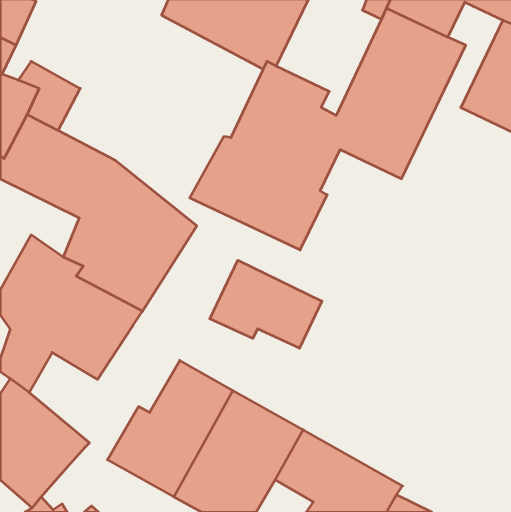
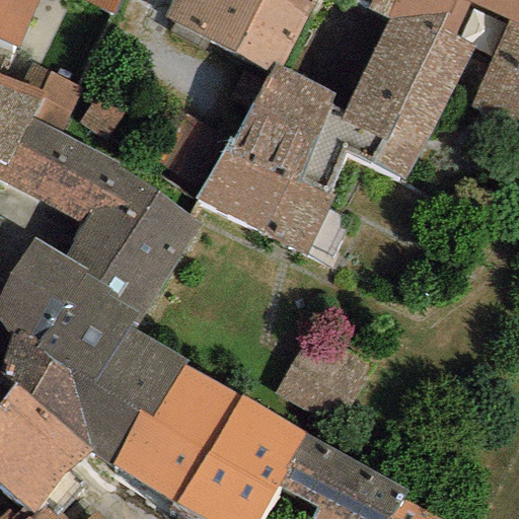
building: [210,260,322,348] -> none
building: none -> [31,329,188,464]

